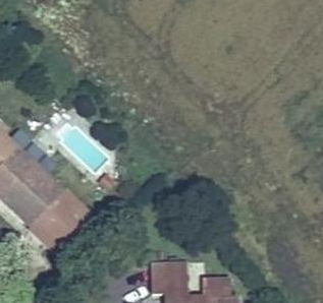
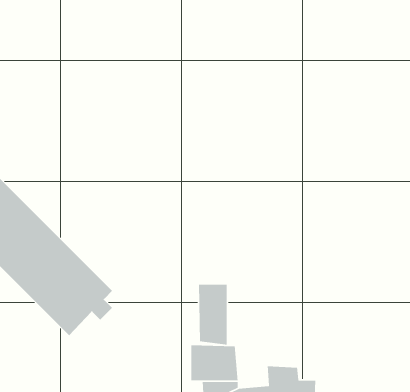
building: none -> [198,284,228,346]

